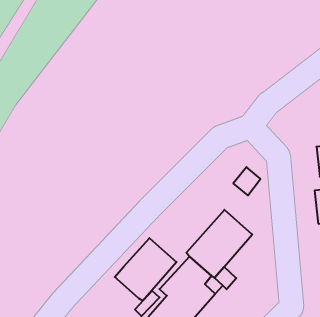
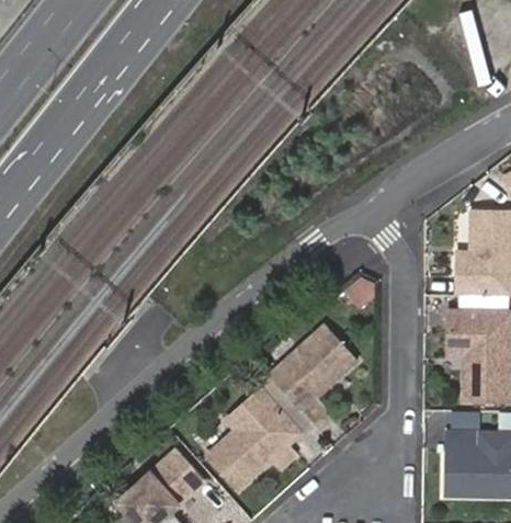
building: [115,238,177,301] -> none

